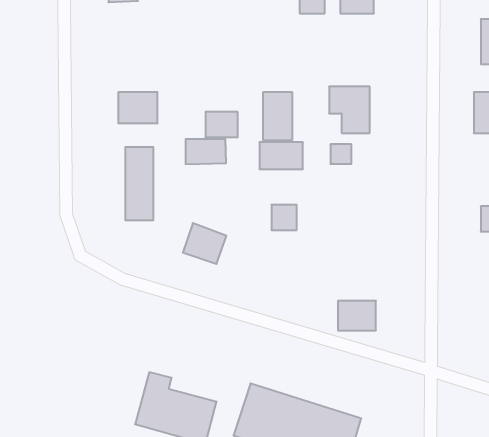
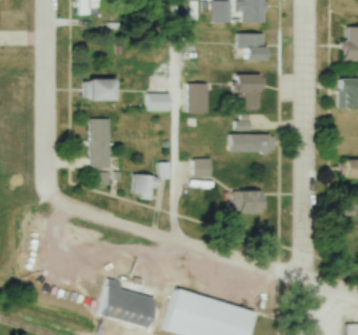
building: none -> [240,33,267,60]
building: [186,139,226,164] -> none
building: [259,142,303,169] -> [244,134,275,153]
building: [338,301,376,330] -> [236,191,263,212]

